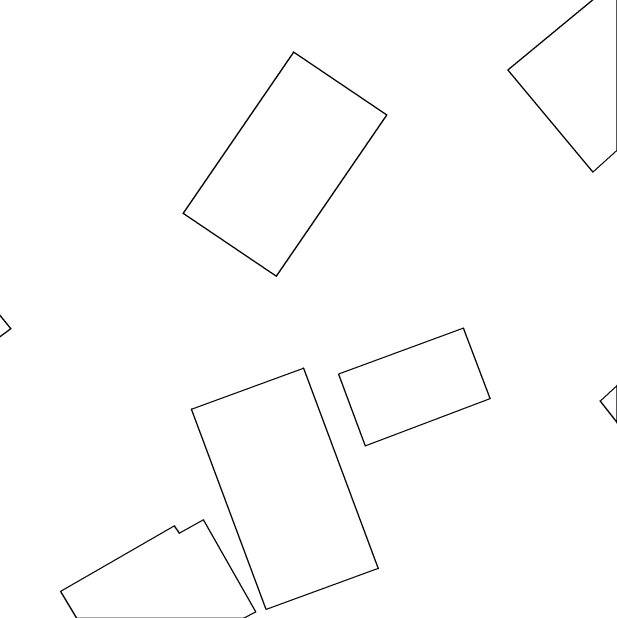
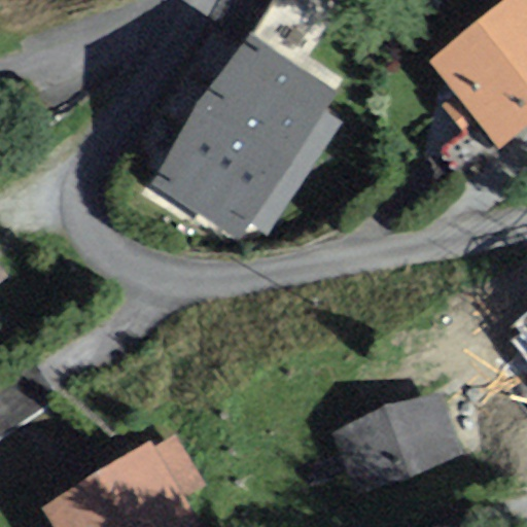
building: [339,328,490,446] -> [332,391,461,491]
building: [192,368,378,609] -> none

